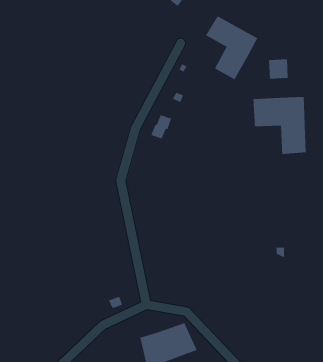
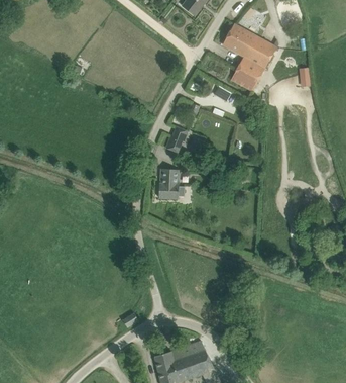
building: [253,96,306,155] -> none
building: none -> [158,169,185,199]

